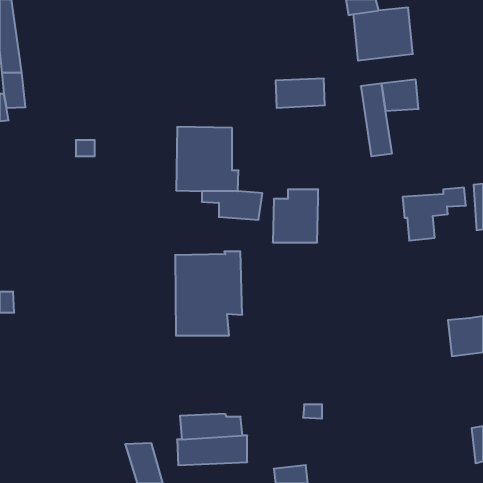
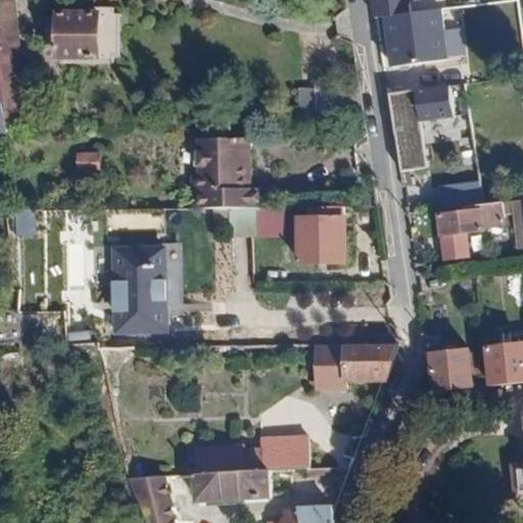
building: none -> [51,6,120,61]
building: [175,251,242,336] -> [110,242,183,333]
building: none -> [313,342,395,389]
building: none -> [428,347,472,390]
building: none -> [259,433,311,470]

